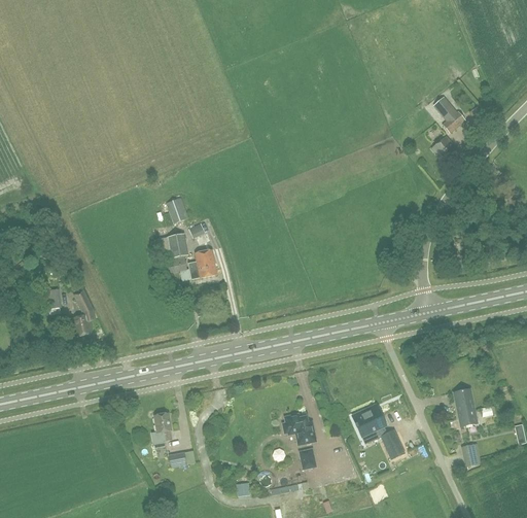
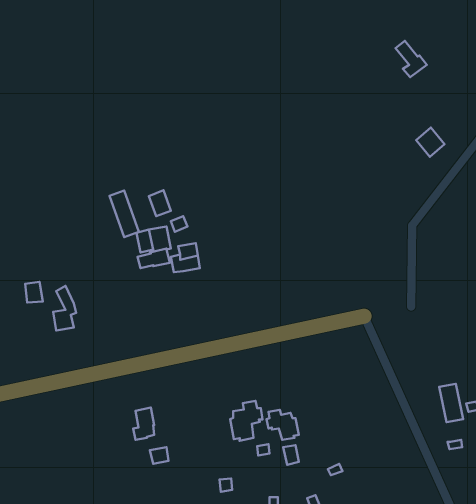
building: [434,96,465,132] -> [396,41,427,77]
building: none -> [110,190,139,237]
building: none -> [230,401,263,441]
building: [353,408,405,458] -> none

